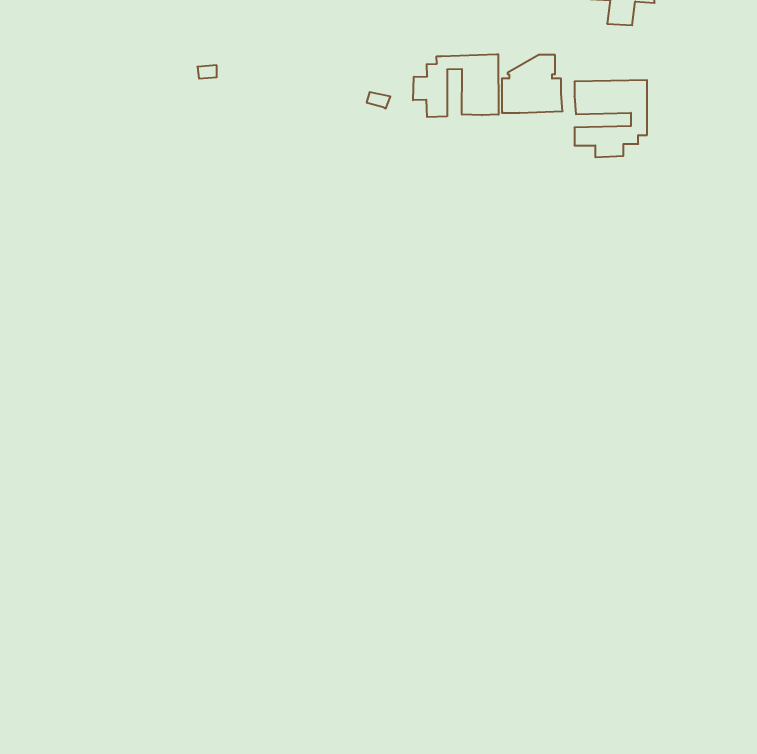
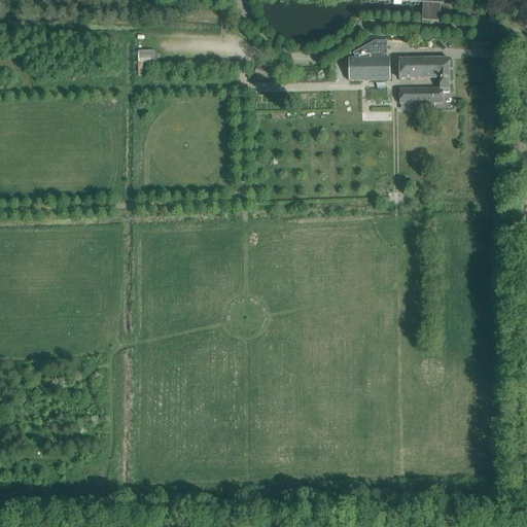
building: [413,54,499,117] -> none

